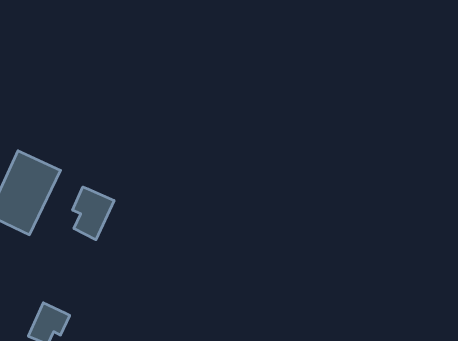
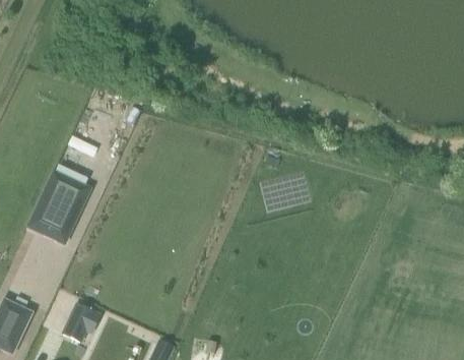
building: [73,187,114,240] -> none

